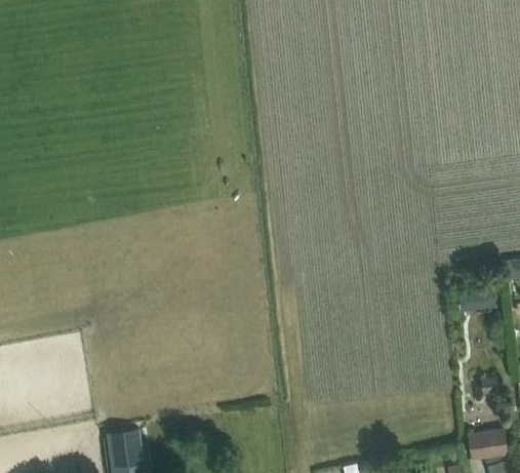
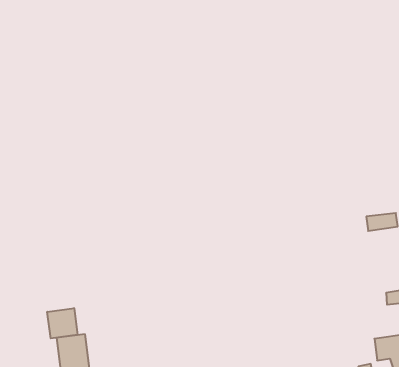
building: none -> [47,308,78,338]

